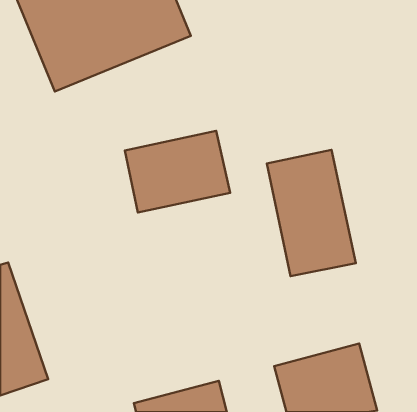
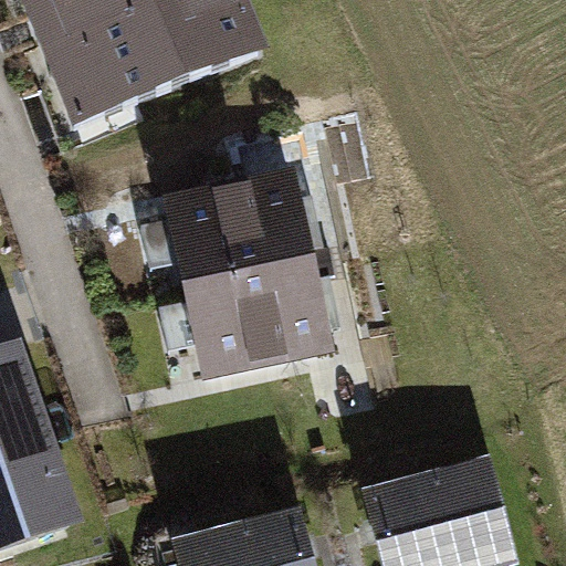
building: [267,150,356,276] -> none
building: none -> [187,261,329,369]

